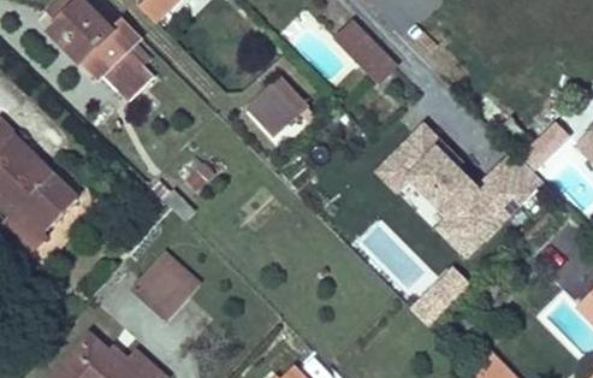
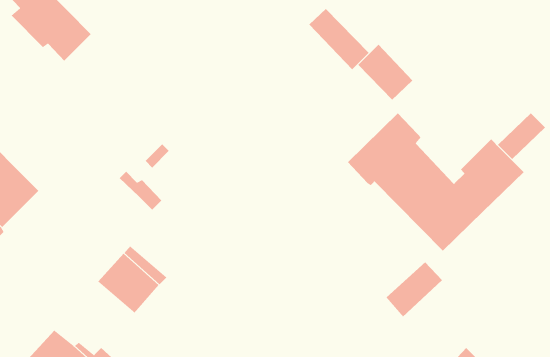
building: [103,51,153,100] -> none
building: none -> [358,44,413,101]
building: [250,76,308,134] -> none

